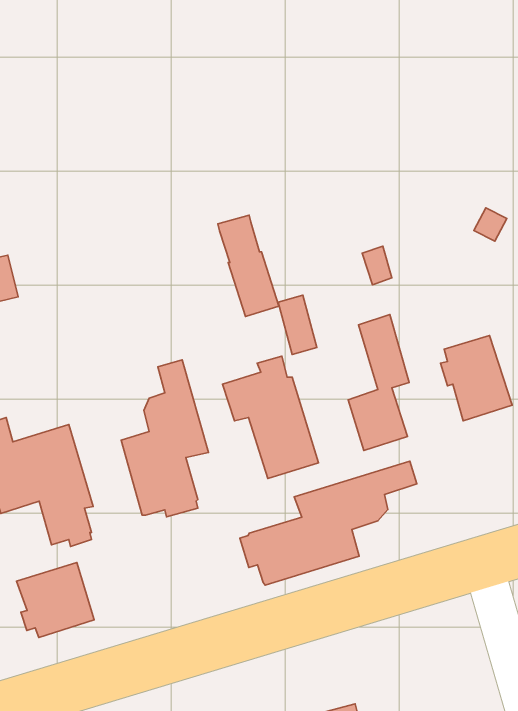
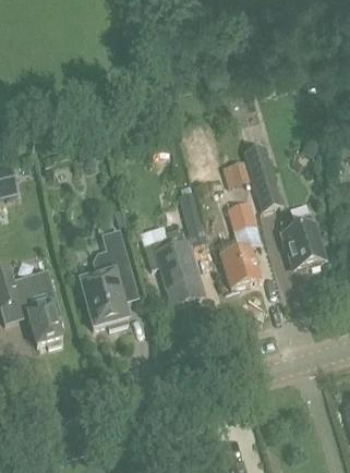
building: [218,215,279,317] -> [244,145,282,208]
building: [240,461,417,585] -> none
building: [17,563,94,637] -> none

